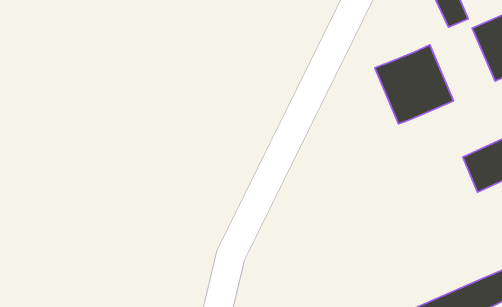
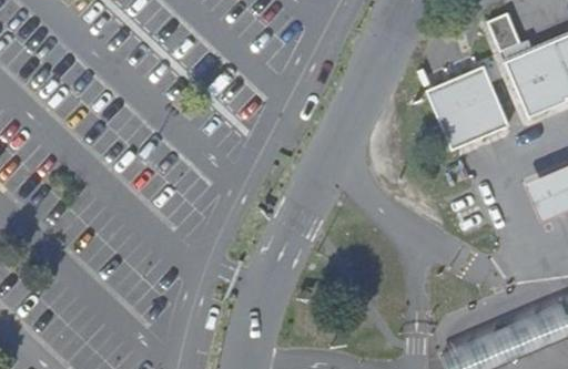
building: none -> [507,49,554,114]

